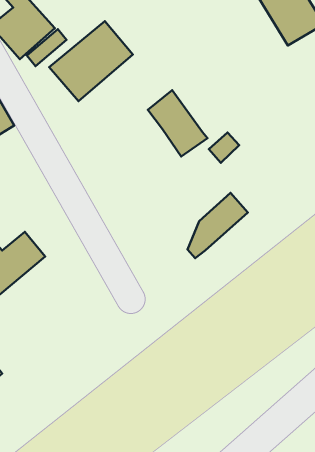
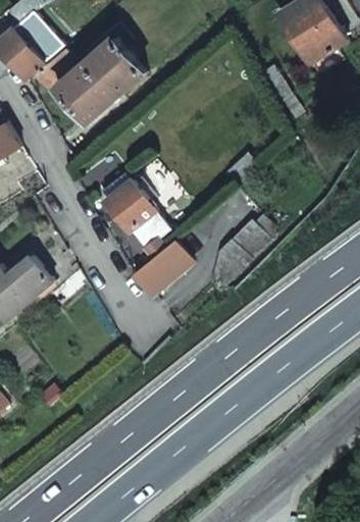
building: [148,90,207,157] -> [107,180,169,250]
building: none -> [135,243,192,298]

